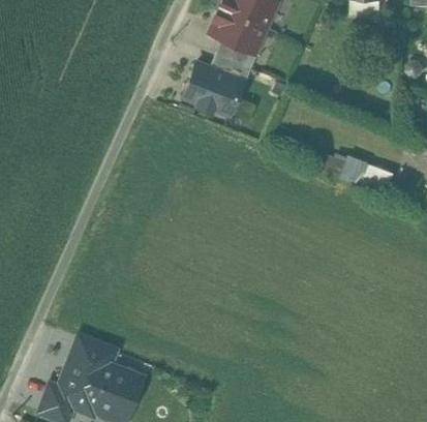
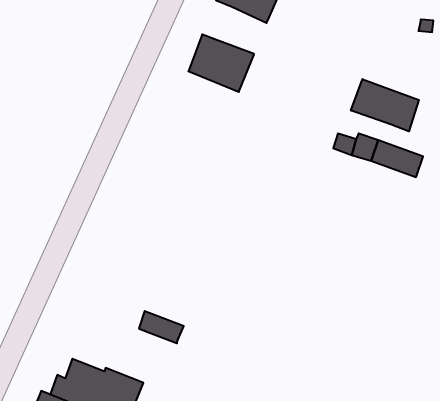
building: [208,41,256,86] -> none
building: none -> [351,79,419,131]
building: [72,340,113,369] -> [139,311,184,343]

